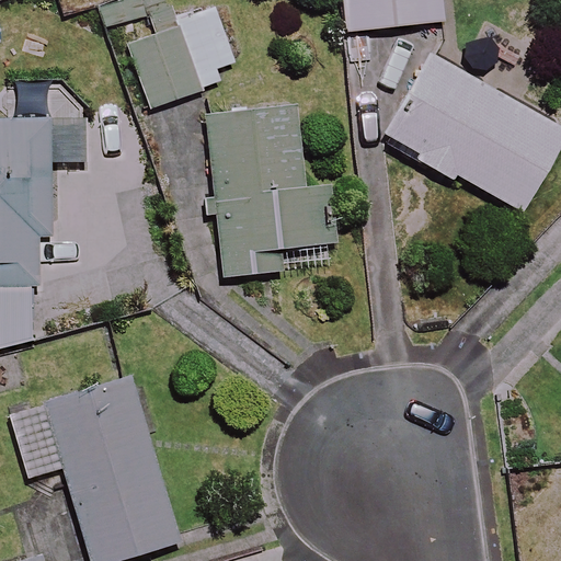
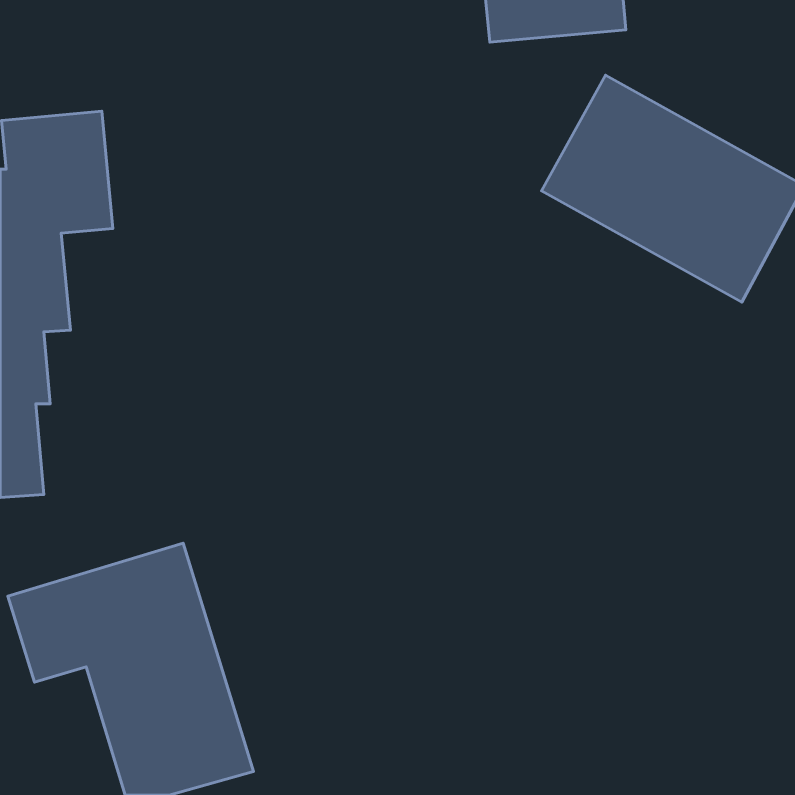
building: [124,26,205,107] -> none
building: [205,105,331,275] -> none

